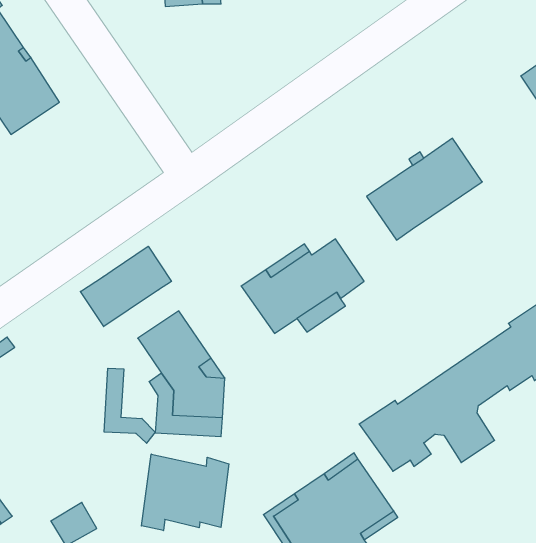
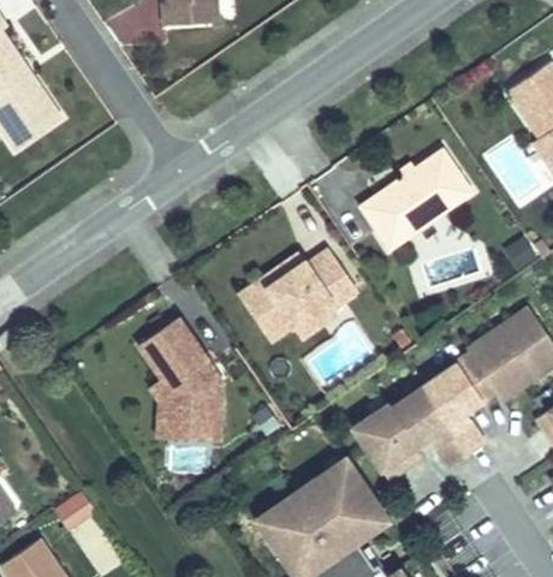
building: [80,246,171,327] -> none
building: [104,368,155,443] -> none
building: [141,454,229,531] -> none

